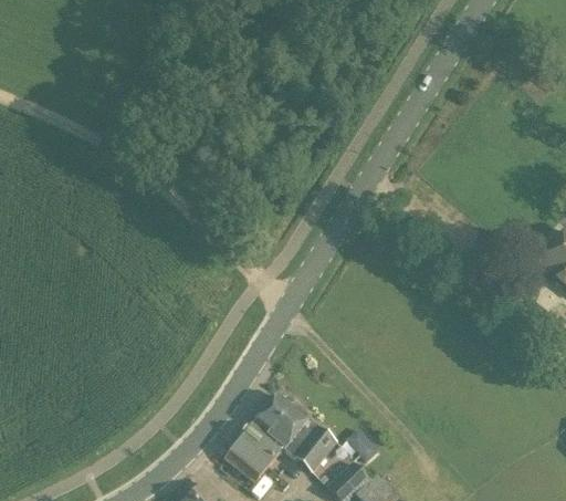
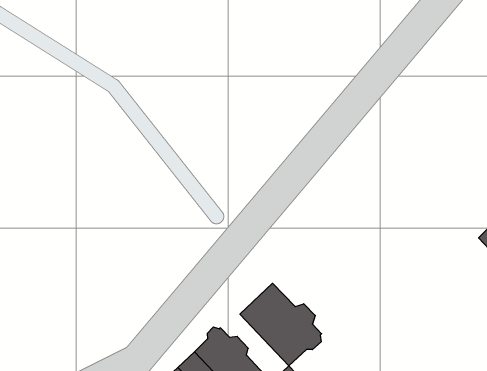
building: none -> [240,283,322,366]

